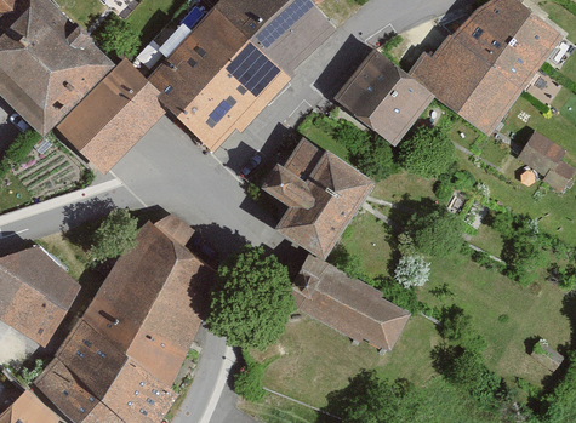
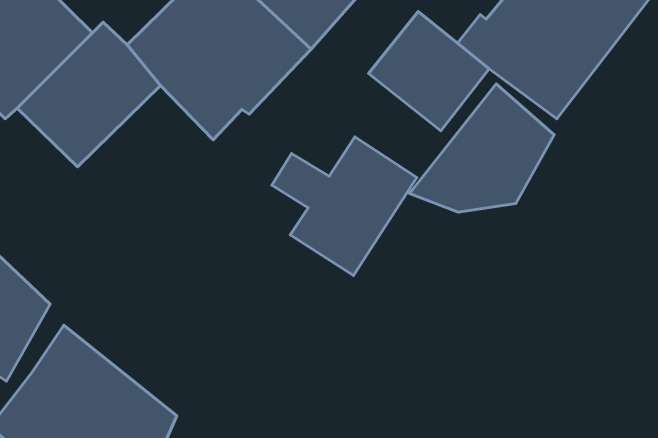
building: none -> [410,84,554,212]
building: [517,128,564,182] -> none
building: [91,212,222,373] -> none
building: [284,257,410,355] -> none

